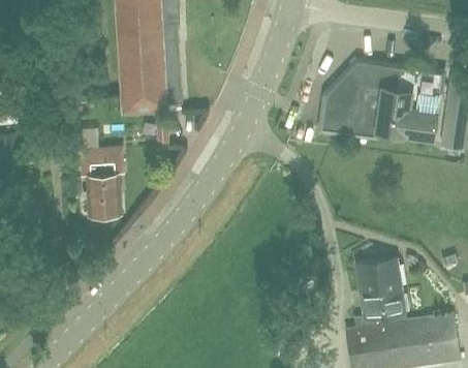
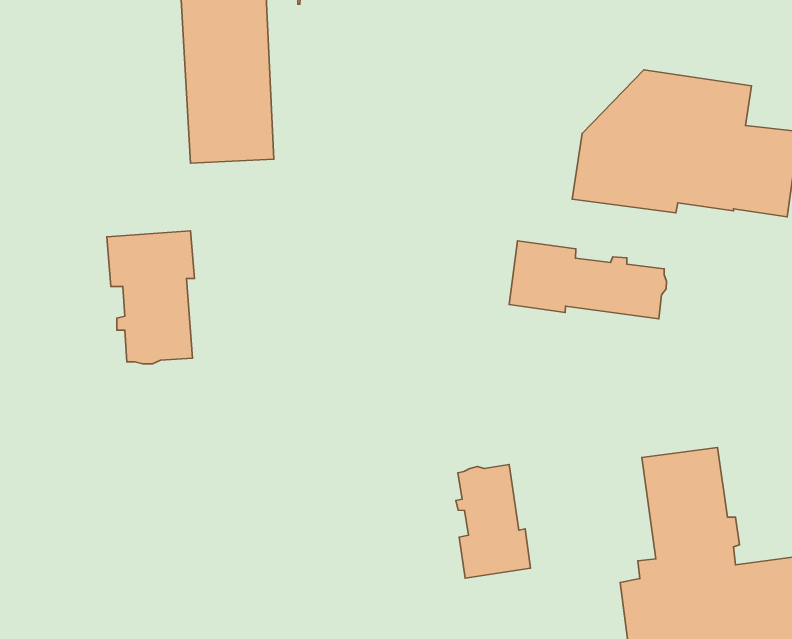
building: none -> [509,241,666,319]
building: none -> [456,464,531,578]

